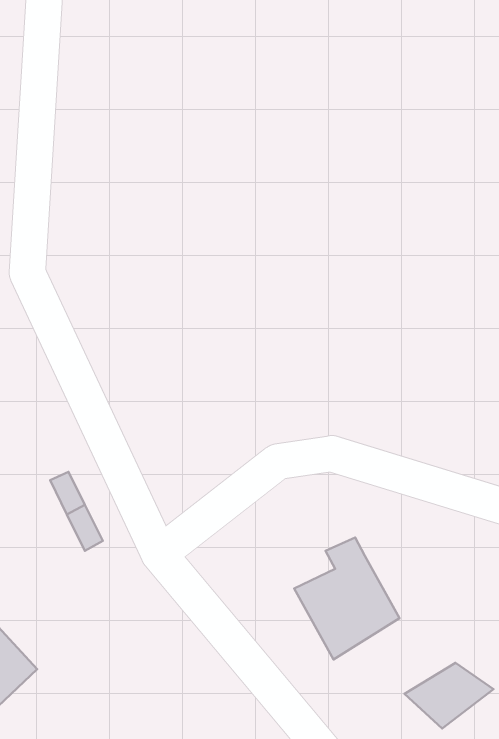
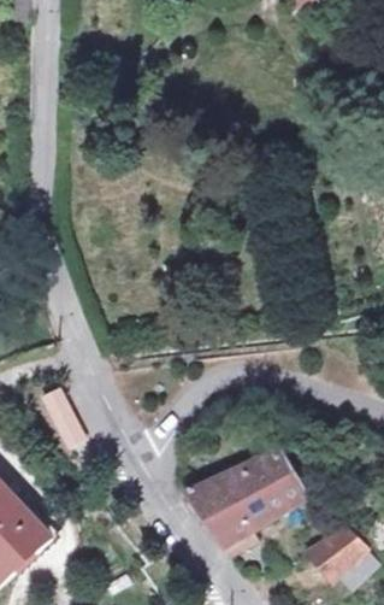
building: none -> [191,475,258,545]

